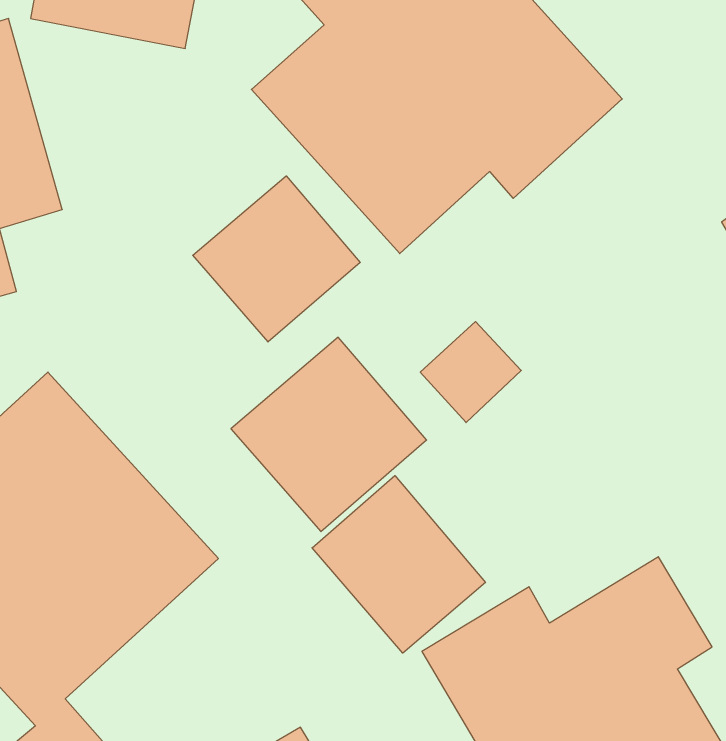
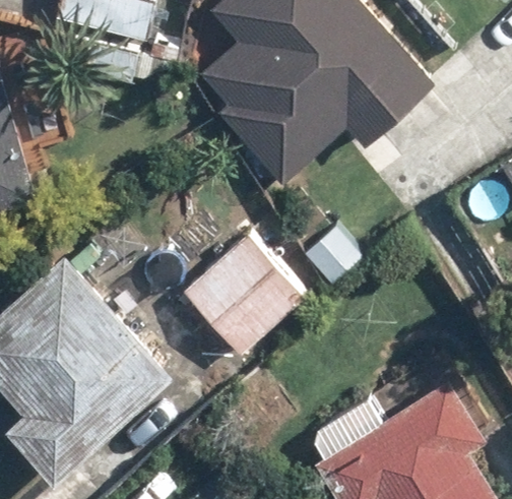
building: [193,176,360,342] -> none
building: [312,476,485,653] -> none

